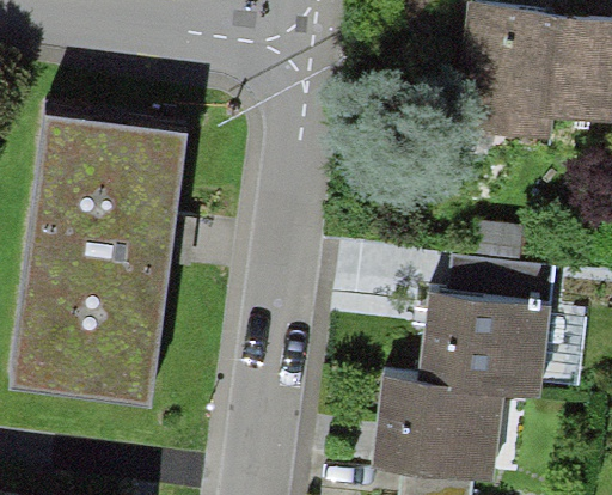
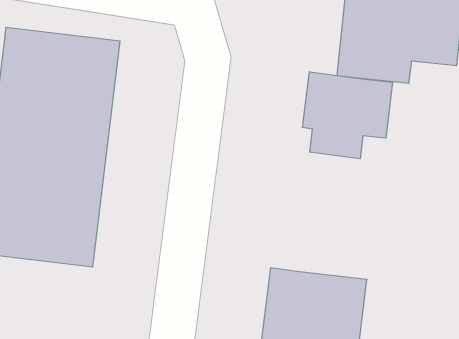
building: none -> [303,72,393,159]
building: [412,261,546,393] -> none

